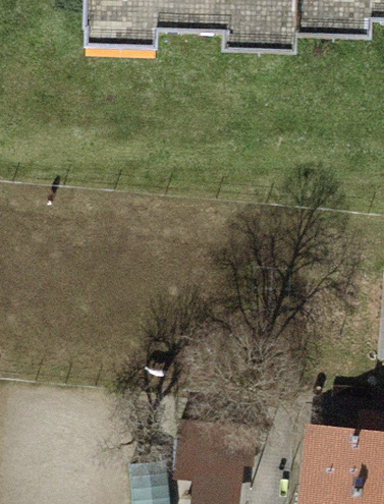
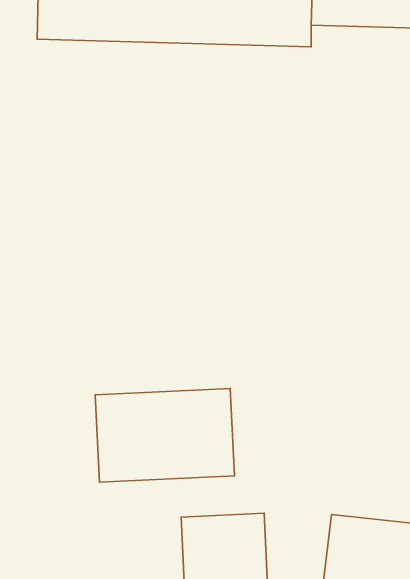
building: none -> [95,389,234,482]

